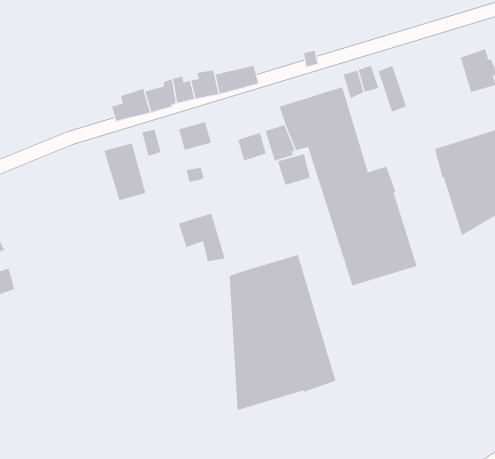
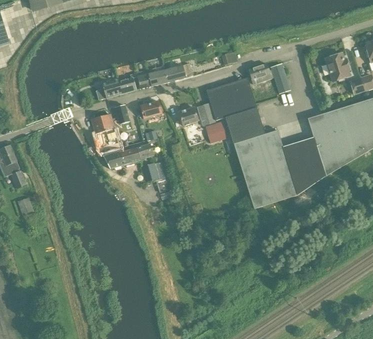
building: none -> [281,137,325,195]
building: none -> [102,144,151,168]
building: [229,254,336,411] -> none

